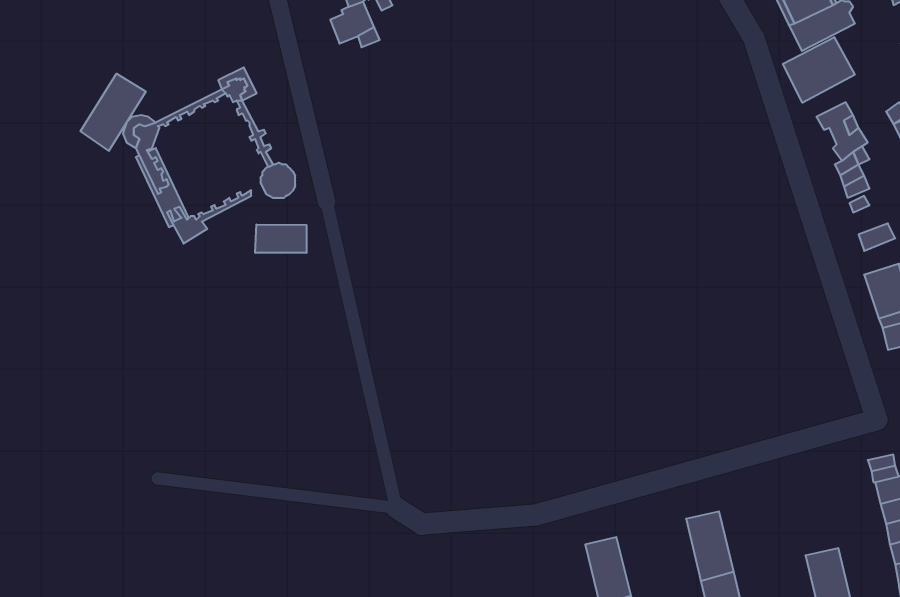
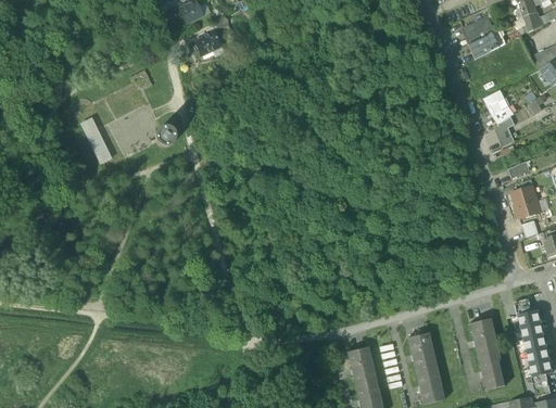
building: [783,37,855,103] -> none
building: [80,74,146,151] -> none
building: [255,224,307,253] -> none
building: none -> [469,317,497,358]

